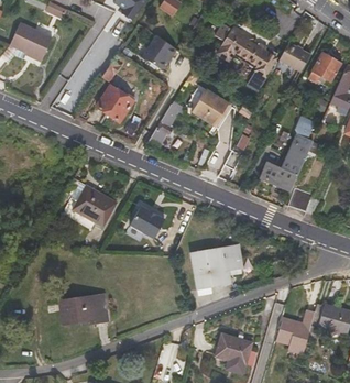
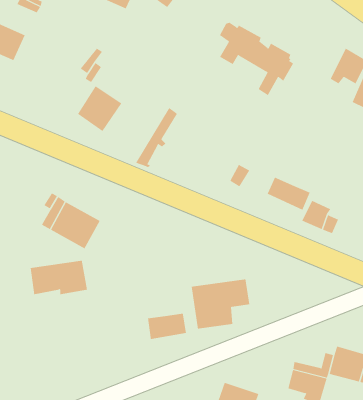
building: [141,34,178,70] -> none
building: [282,44,311,74] -> none
building: [195,88,232,127] -> none
building: [280,112,311,174] -> none
building: [128,201,163,234] -> none
building: none -> [147,313,186,340]
building: [53,295,102,325] -> [30,260,88,295]

